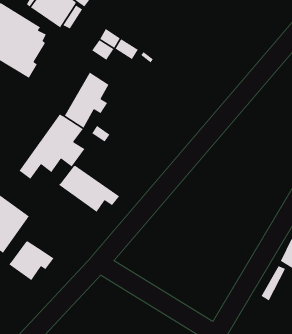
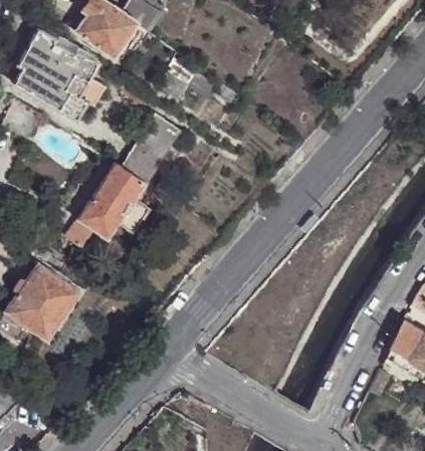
building: [58,165,120,213] -> none
building: [8,240,55,281] -> none

